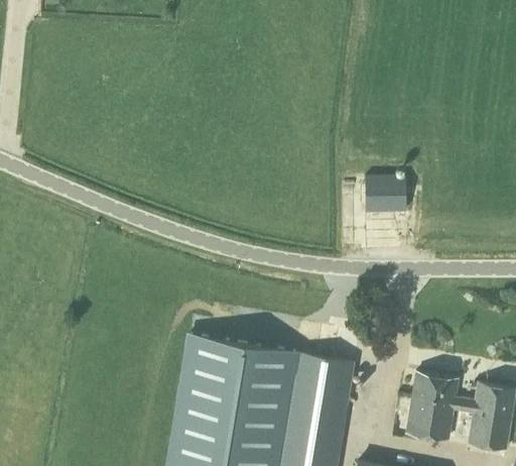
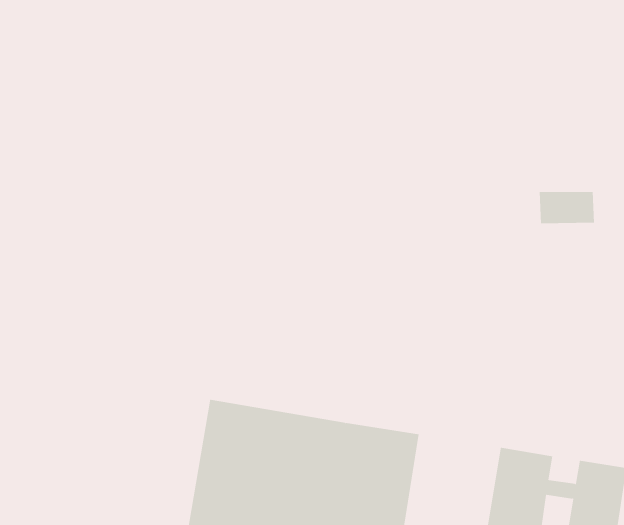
building: [364,187,407,212] -> [539,192,595,224]

